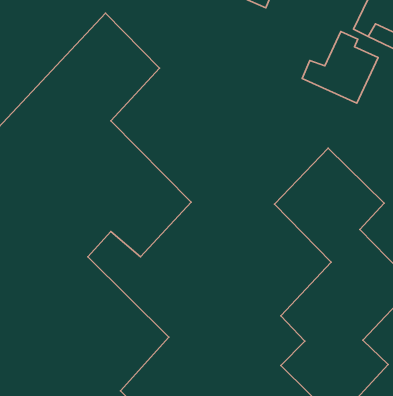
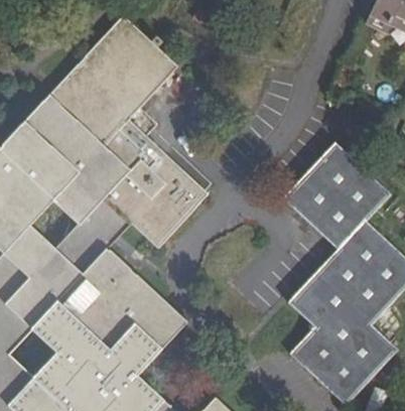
building: [302,31,378,103] -> none

